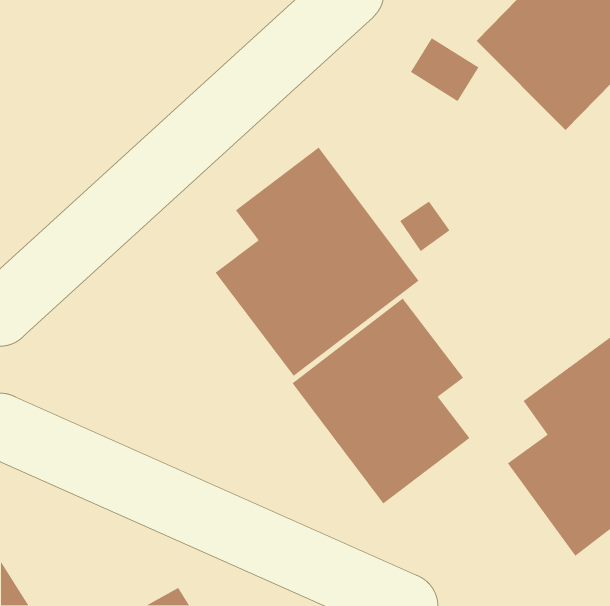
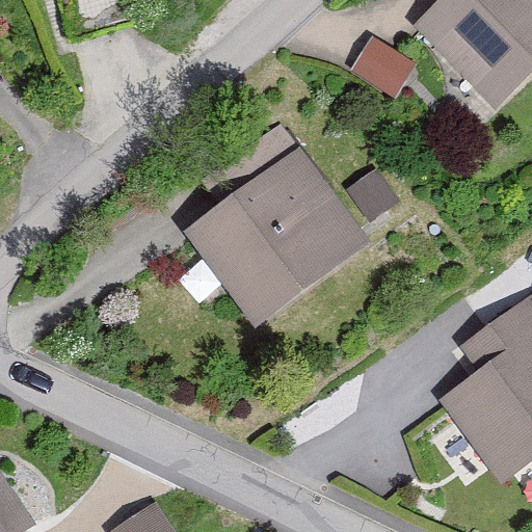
building: [292,297,470,504] -> none

